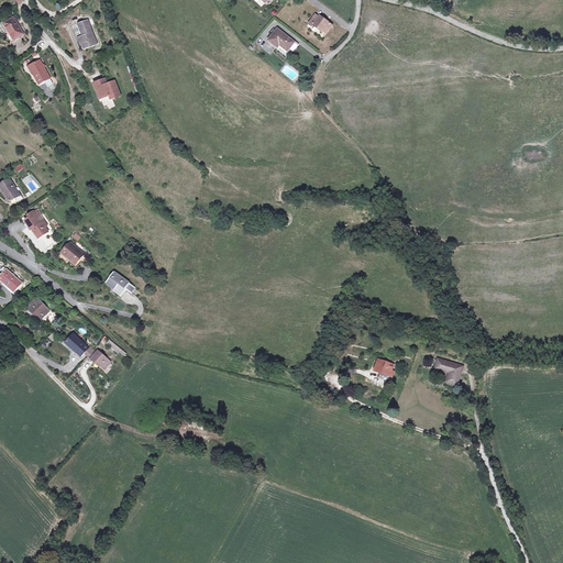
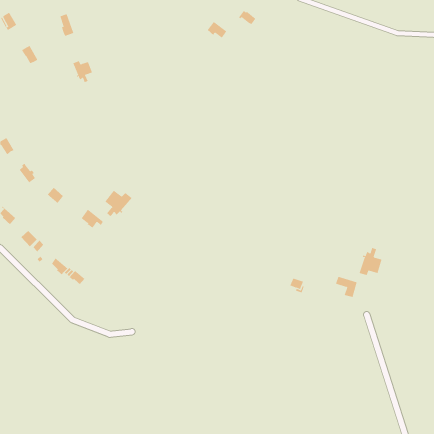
building: none -> [105,190,132,217]
building: none -> [359,247,382,276]

